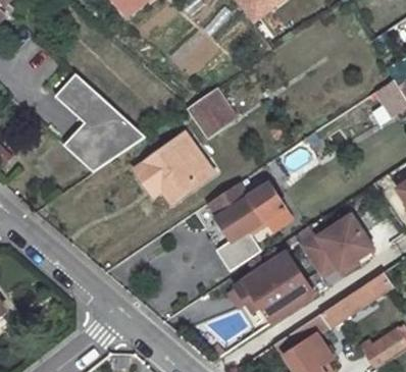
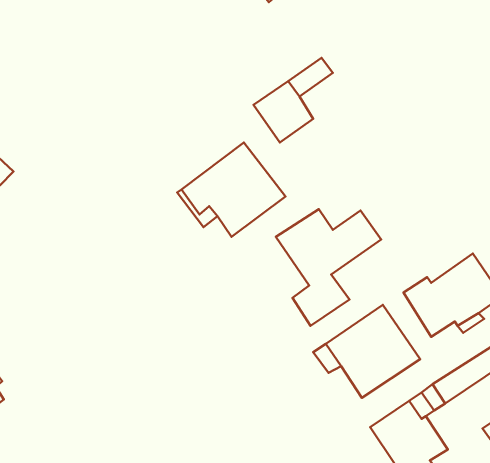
building: [55,72,147,171] -> none

